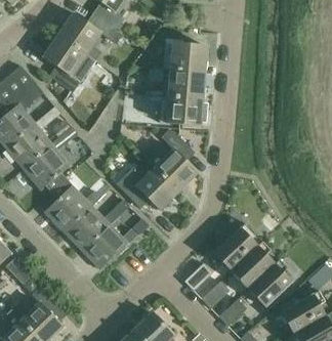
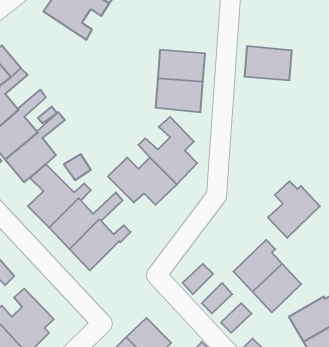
building: [43,35,97,92] -> none
building: [164,42,207,73] -> [244,46,292,80]
building: [213,219,260,270] -> [268,181,320,238]

